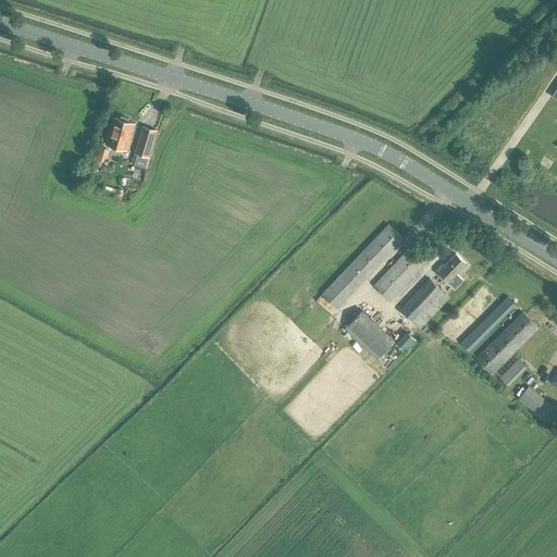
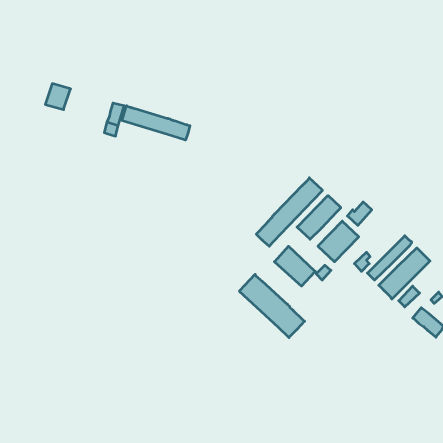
building: [103,117,135,150] -> [45,84,71,110]
building: none -> [122,106,190,140]
building: none -> [240,274,305,338]

